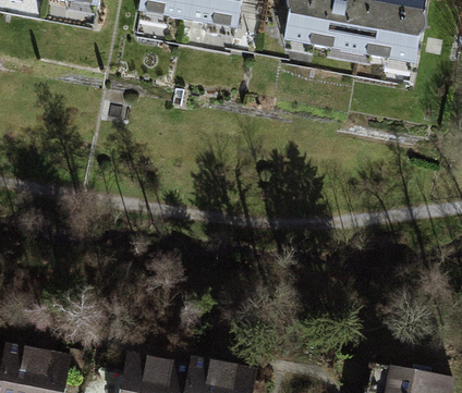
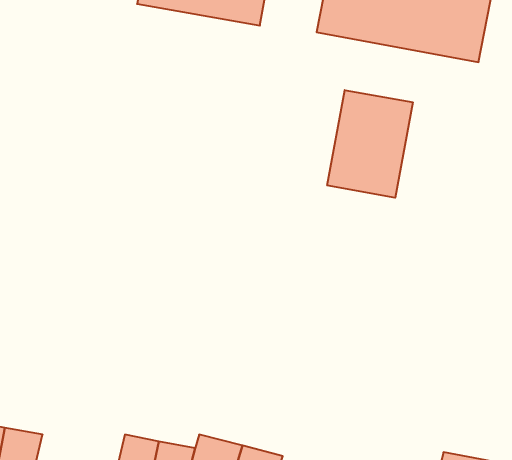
building: none -> [327,90,413,198]

